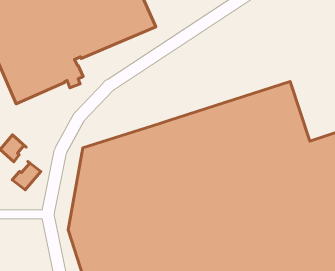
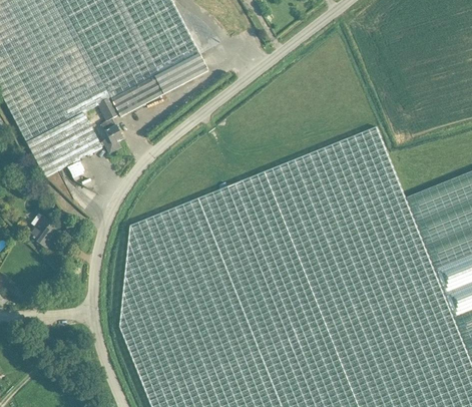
building: [12,161,41,190] -> none

